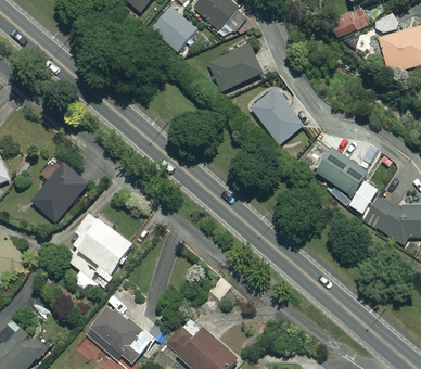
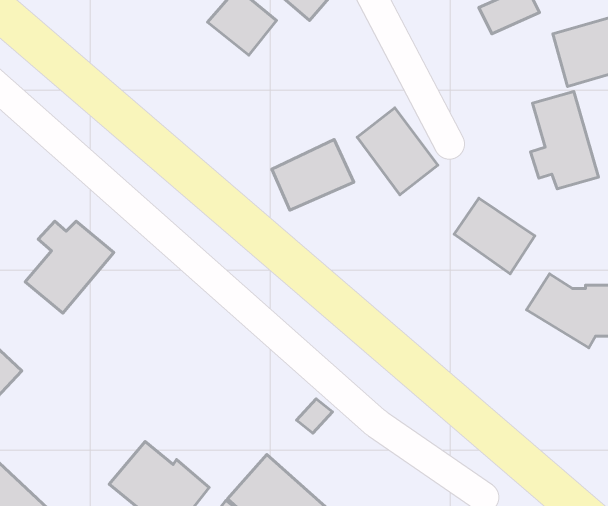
building: [208,43,263,90] -> [272,139,354,210]
building: none -> [531,91,599,189]
building: [346,179,377,213] -> none
building: [68,213,132,287] -> none

